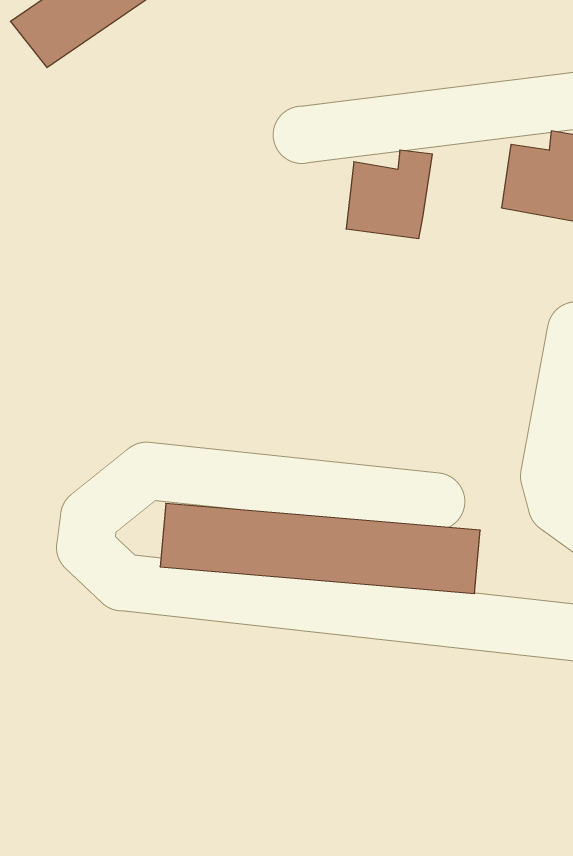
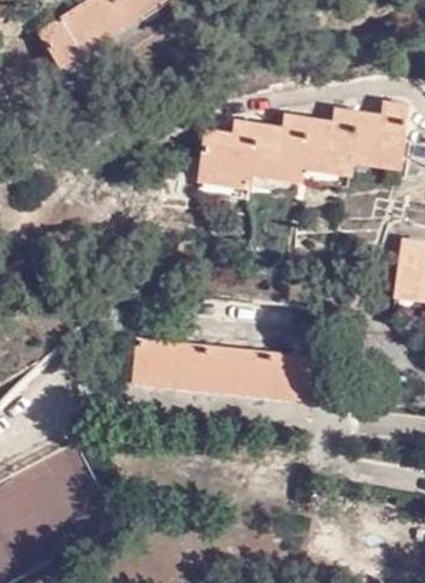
building: none -> [300,115,356,171]
building: none -> [199,126,256,184]

